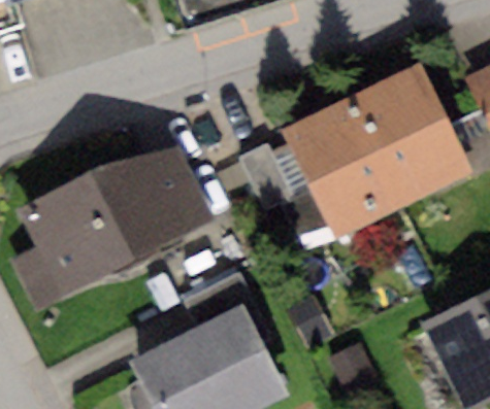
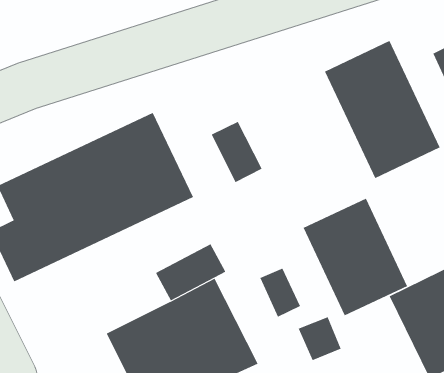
building: [285,93,405,235] -> none
building: none -> [303,198,408,316]

